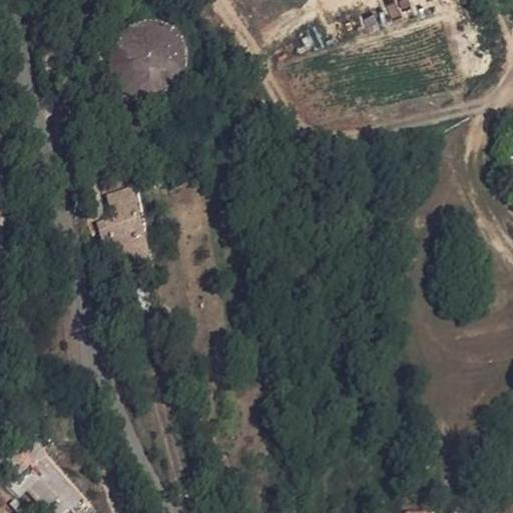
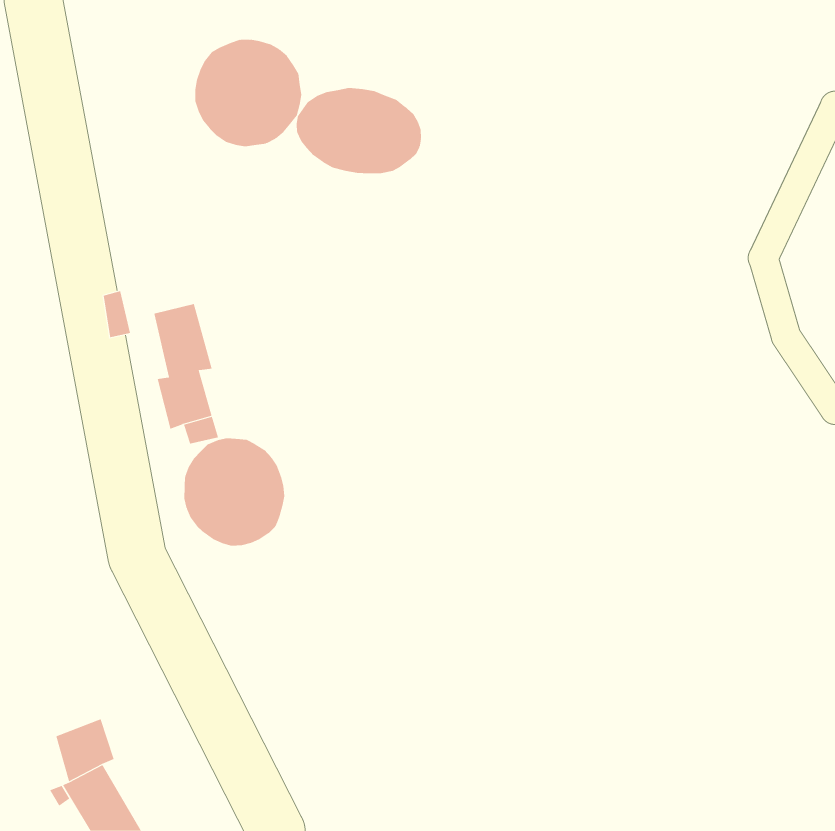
building: none -> [296,87,421,174]
building: none -> [184,437,285,546]

